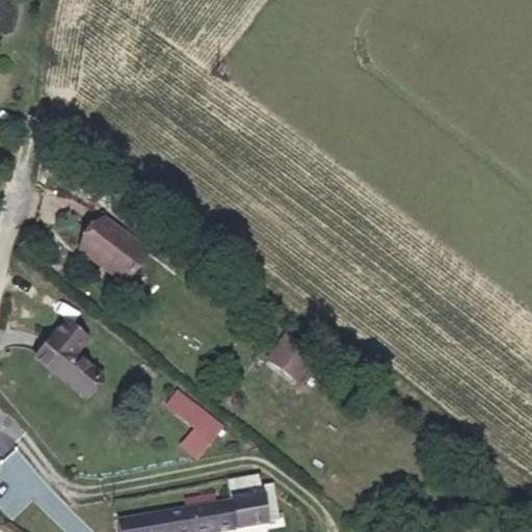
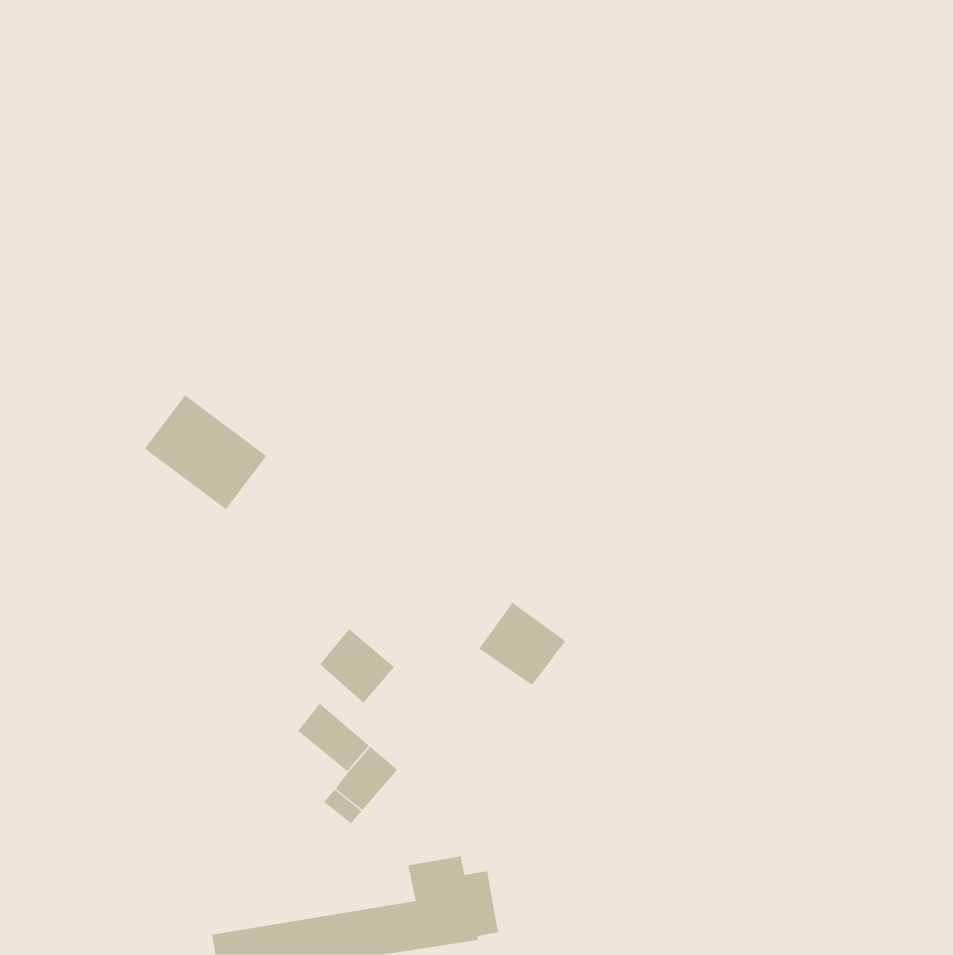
building: [35,320,101,392] -> none
building: none -> [320,628,395,703]

